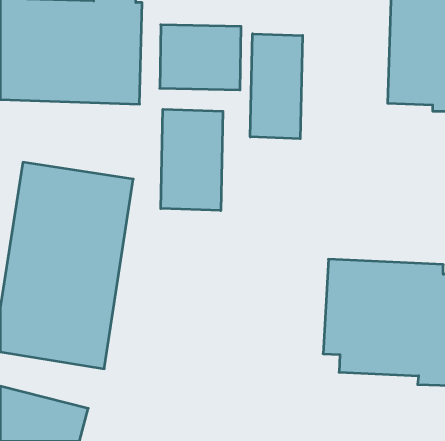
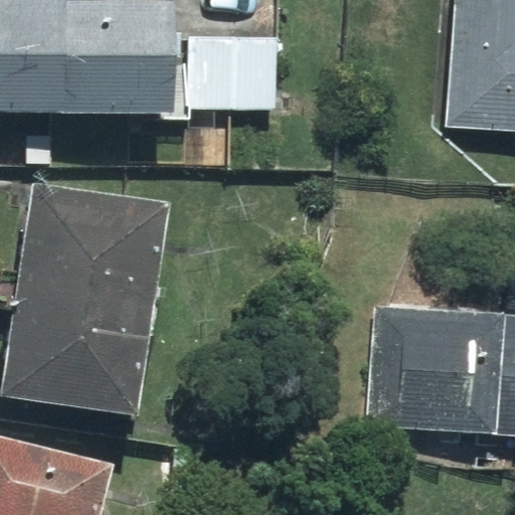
building: [250,34,303,139] -> none
building: [161,109,223,211] -> none

